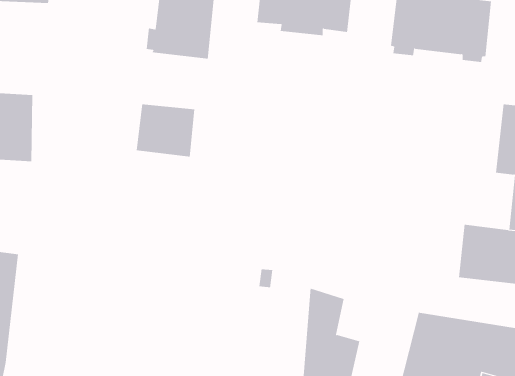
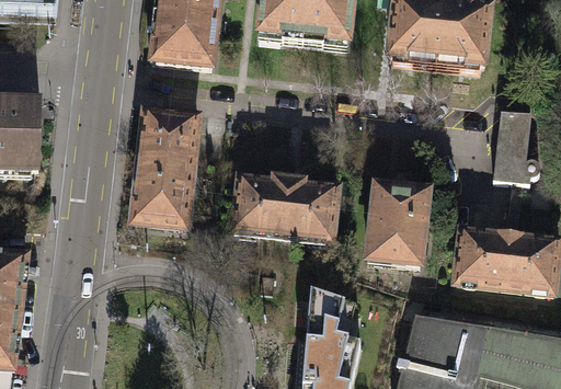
building: none -> [133,156,193,225]
building: none -> [233,175,336,239]
building: none -> [367,184,427,264]

